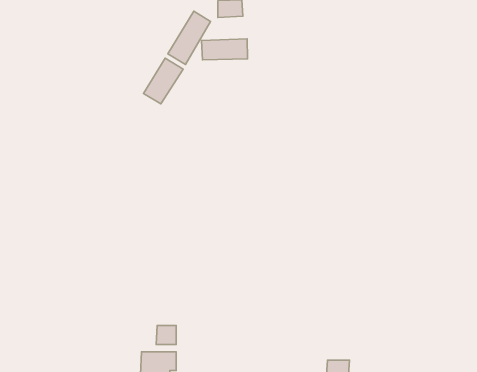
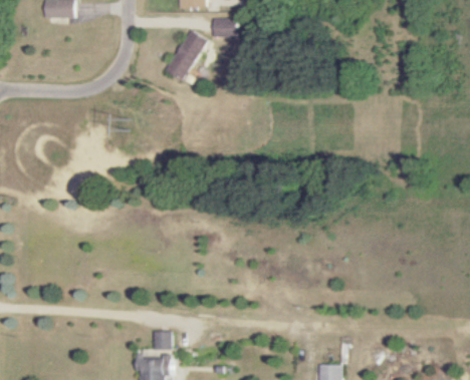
building: [202,39,248,60] -> none
building: [144,58,183,104] -> none

